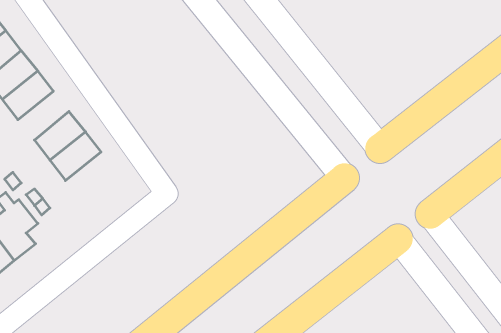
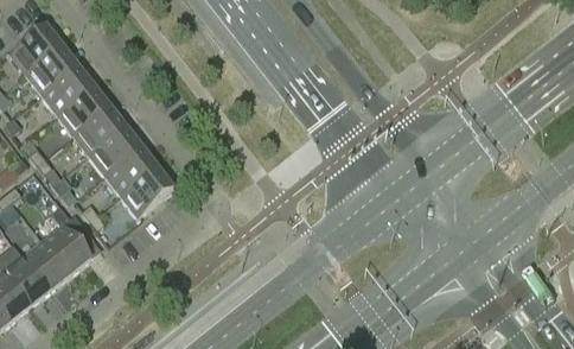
building: none -> [72,104,123,153]
building: none -> [120,165,172,214]

